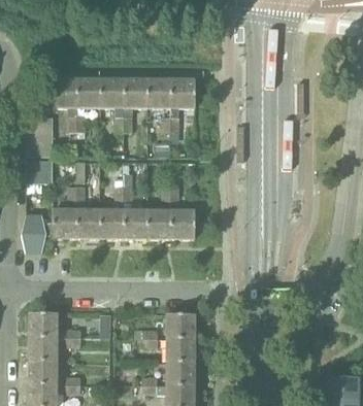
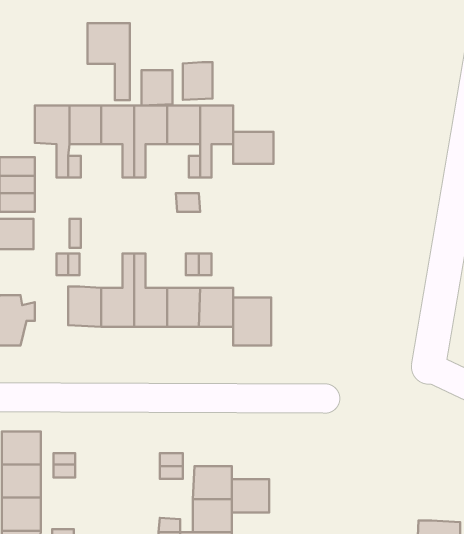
building: none -> [87,23,130,100]
building: none -> [183,62,212,100]
building: none -> [142,70,172,106]
building: none -> [233,132,273,164]
building: [53,209,76,237] -> none
building: none -> [233,298,271,345]
building: [167,314,194,338] -> [232,479,269,512]

